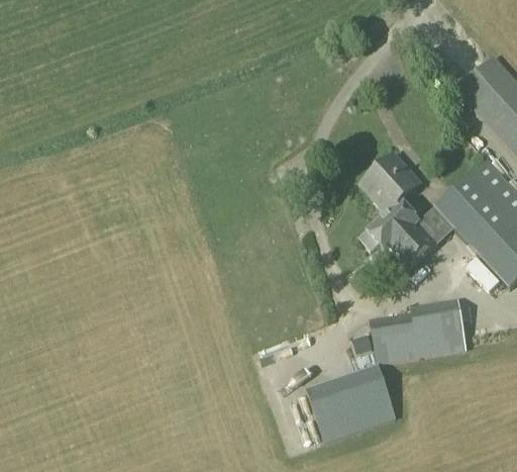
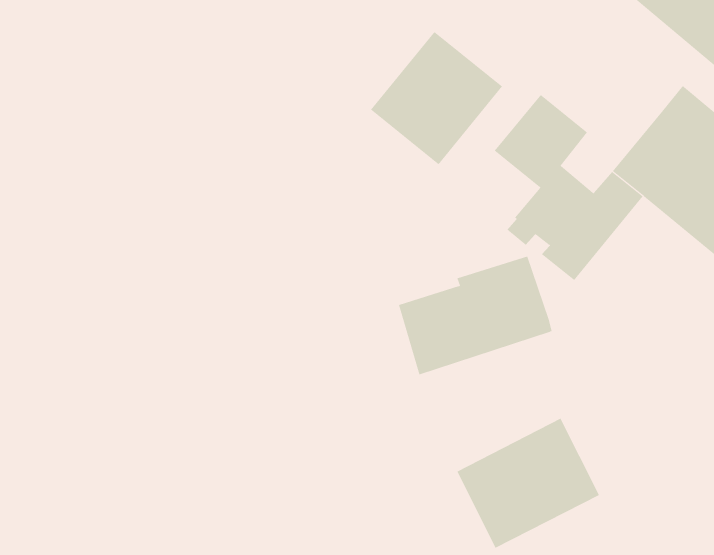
building: none -> [370,31,503,165]
building: [370,296,468,364] -> [398,256,553,375]

